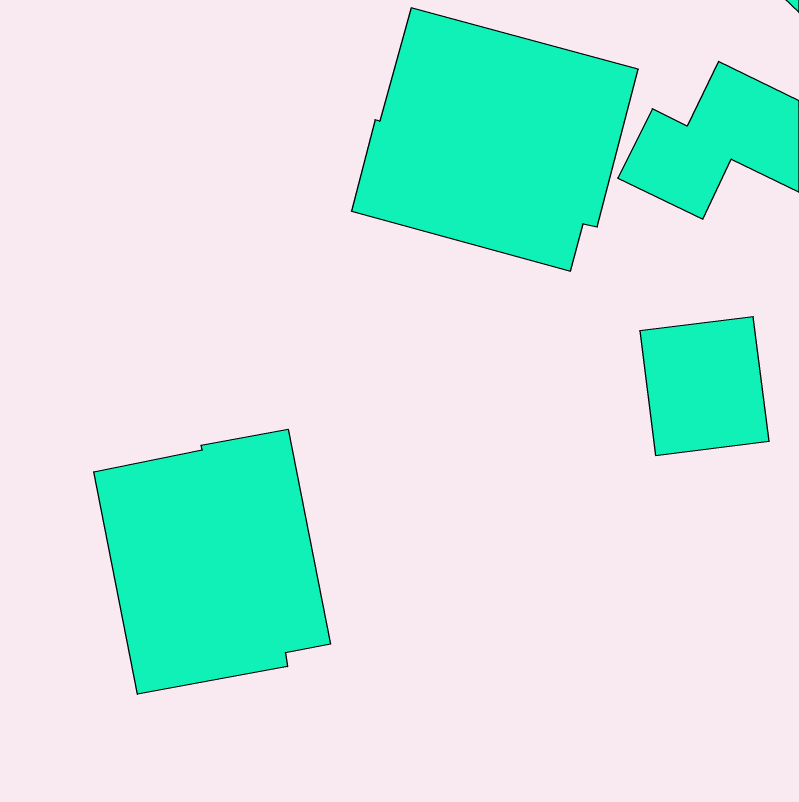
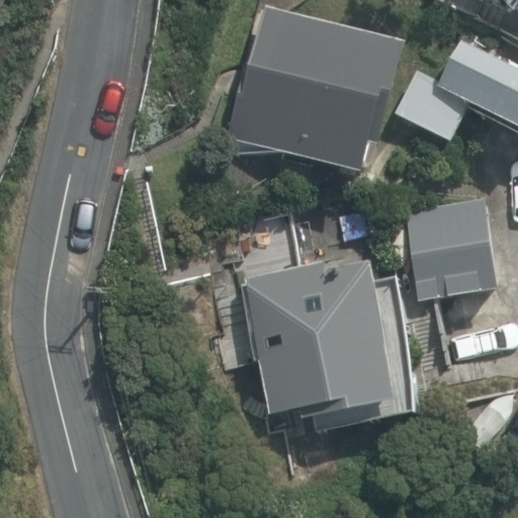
building: none -> [241,261,399,419]
building: [94,429,330,694] -> none

